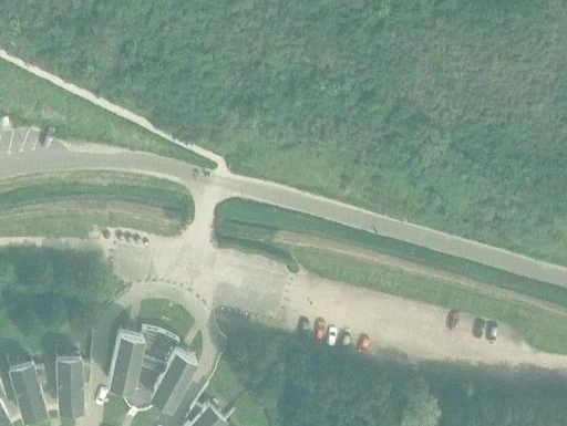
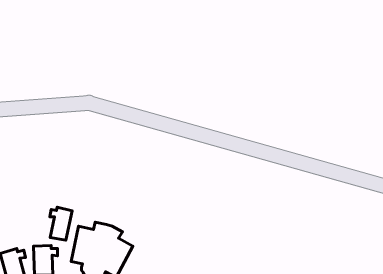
building: none -> [50,207,72,240]

